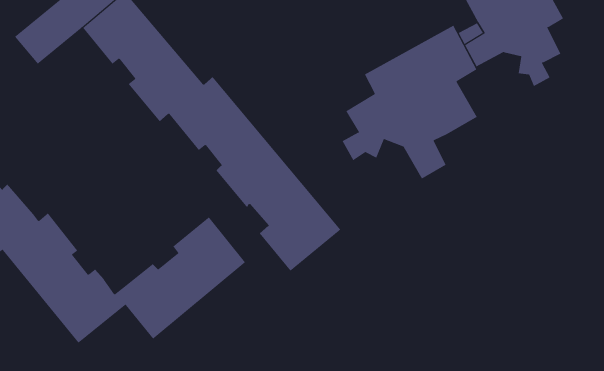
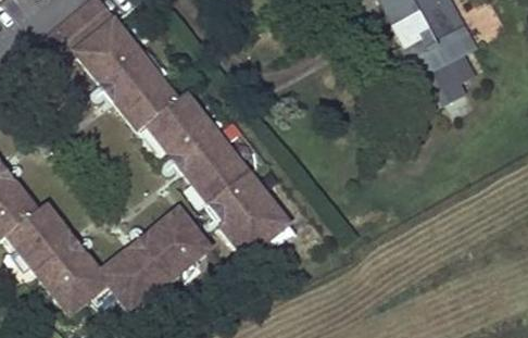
building: [342,25,478,180] -> none

